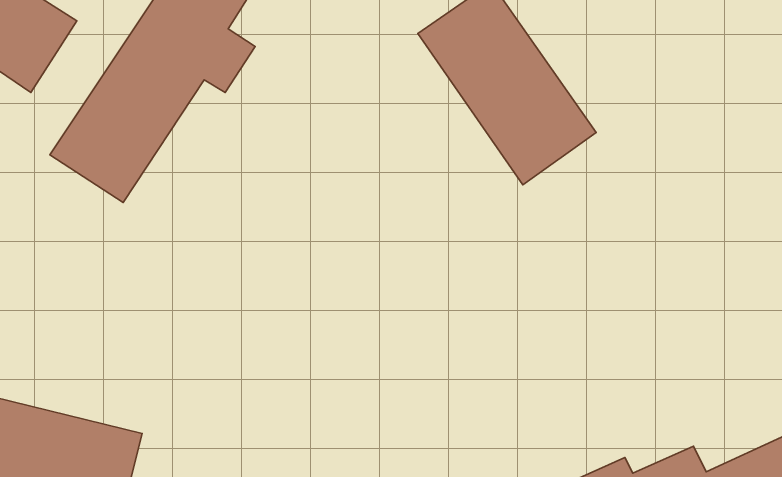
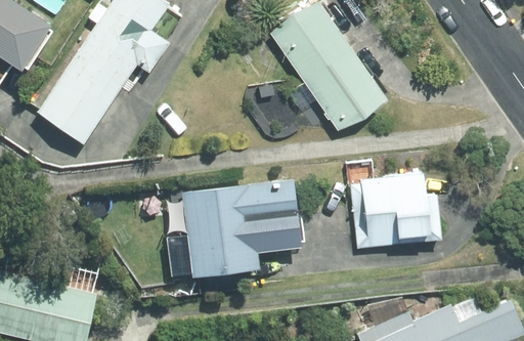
building: none -> [349,168,444,247]
building: none -> [182,177,299,272]

